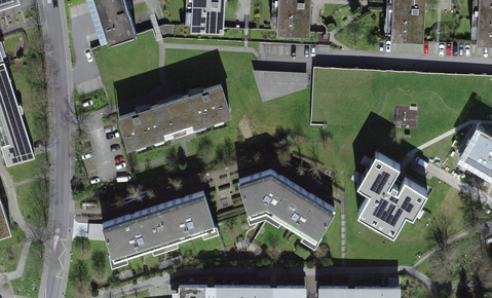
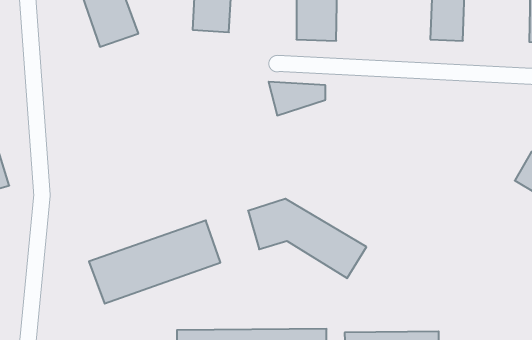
building: [117,84,232,148] -> none
building: [356,155,424,236] -> none

